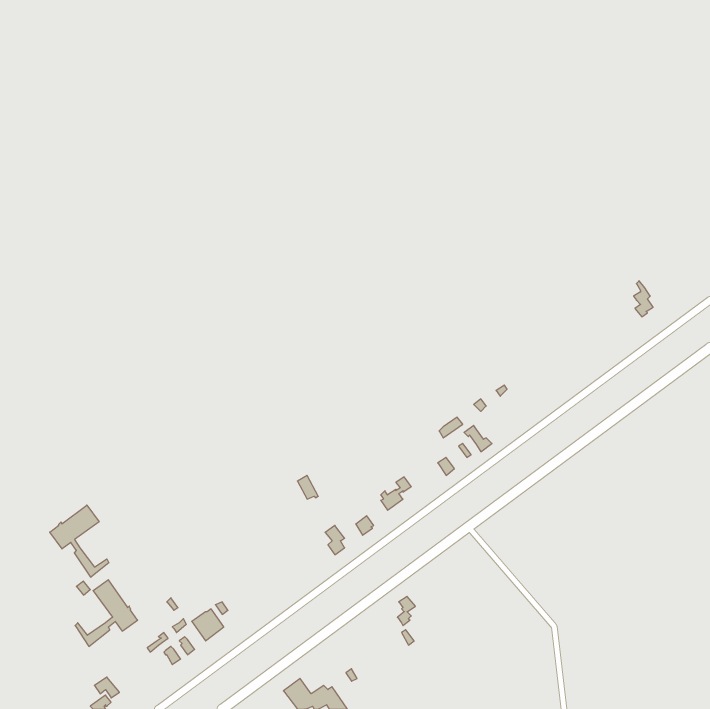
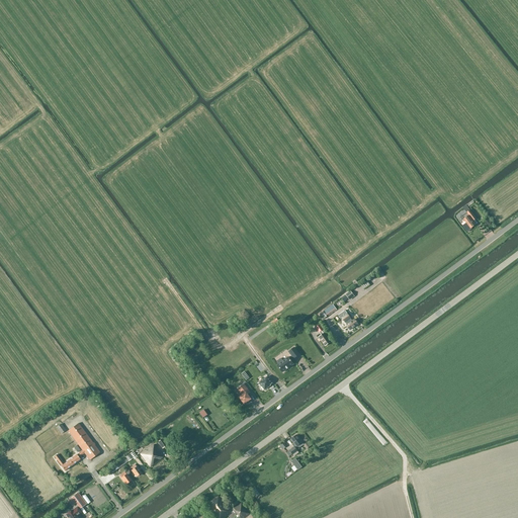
building: [50,505,109,577] -> none

